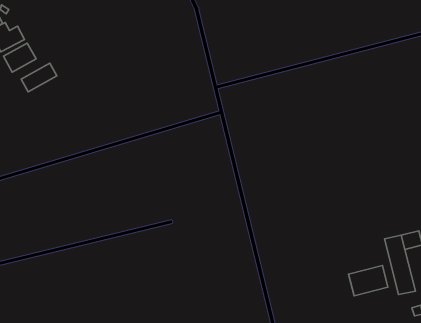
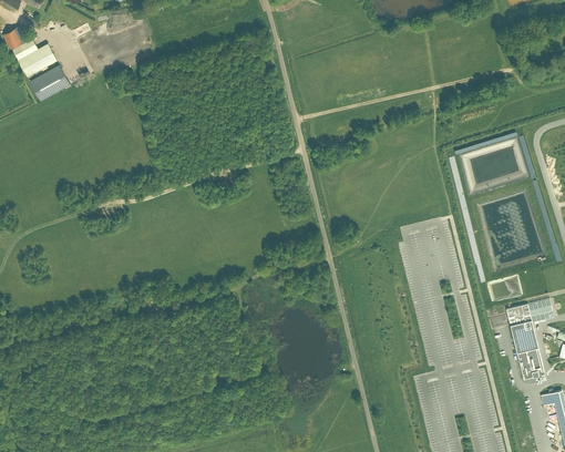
building: [21,63,57,92] -> none
building: [349,266,388,296] -> none

